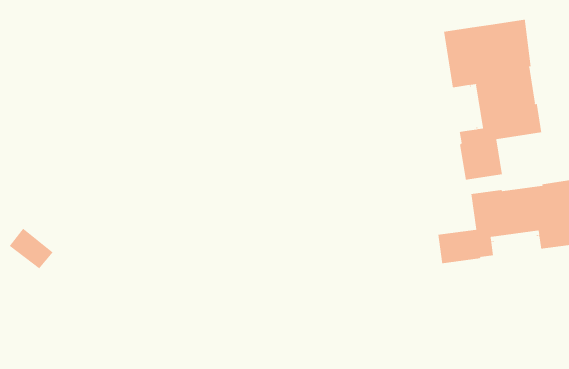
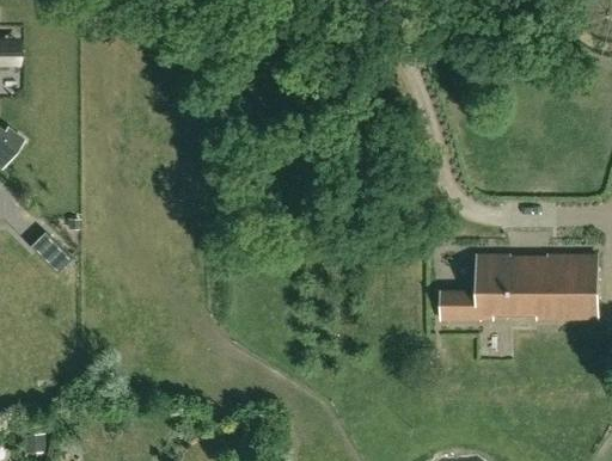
building: [443,19,542,181] -> none

